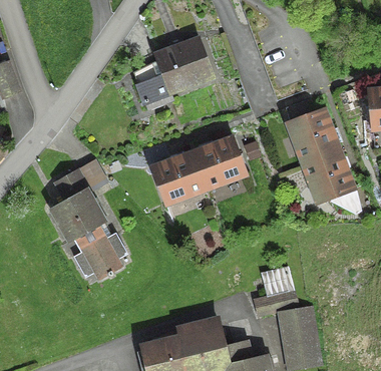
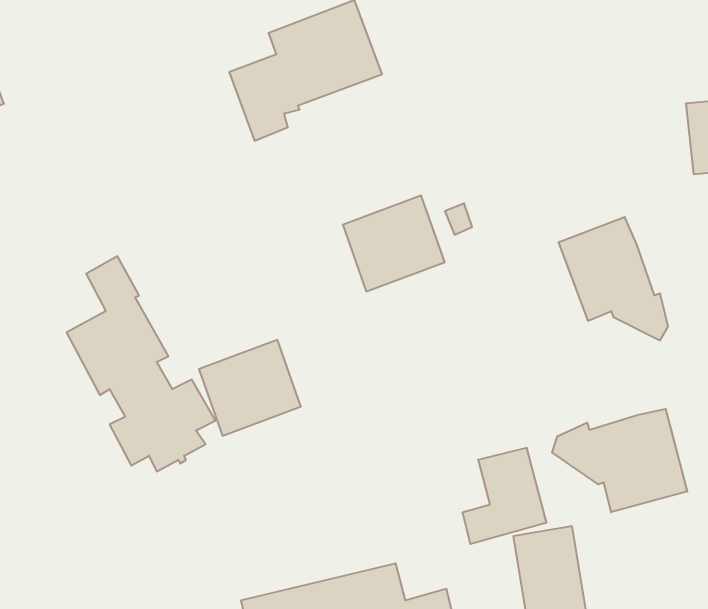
building: [288,108,337,161] -> none
building: [152,152,205,202] -> [199,340,301,436]
building: none -> [552,409,687,512]

